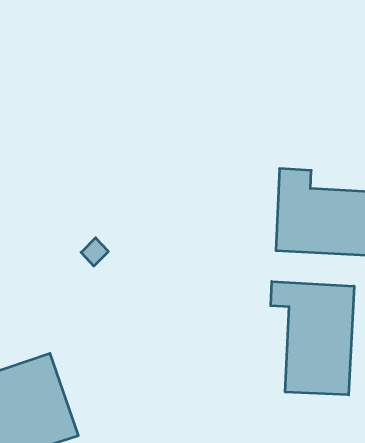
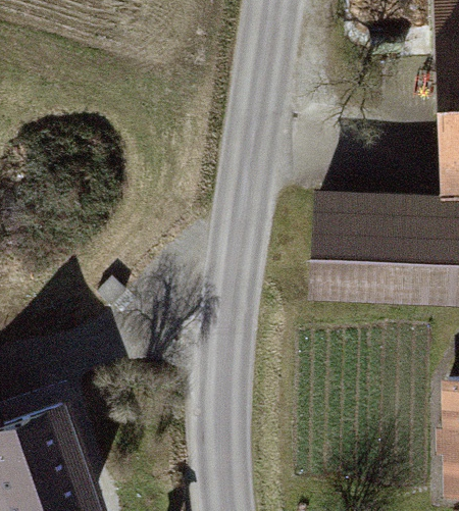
building: [271,281,354,395] -> none

